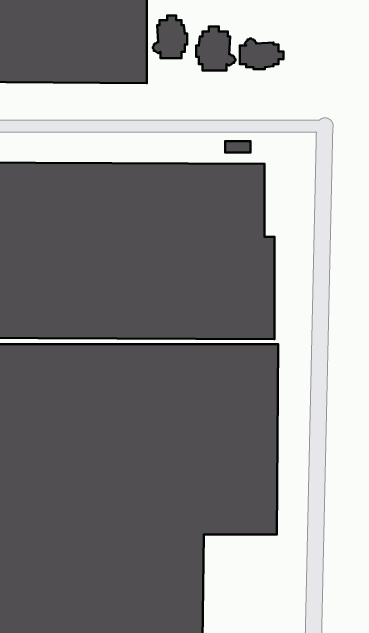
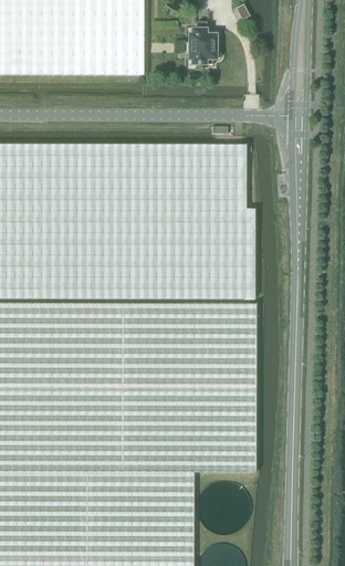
building: [153,15,187,58] -> none
building: [240,39,284,69] -> none

